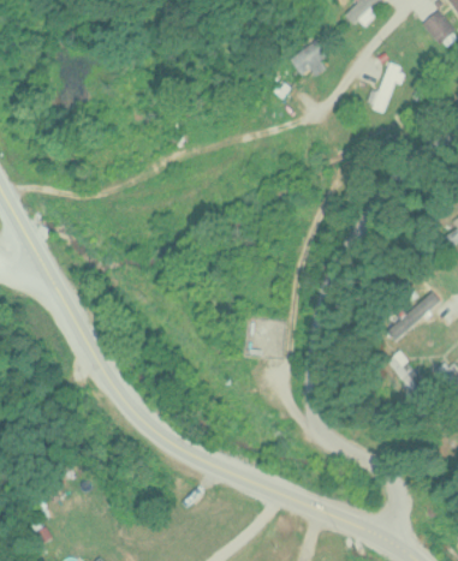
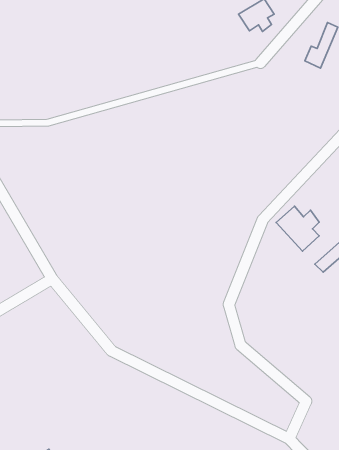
building: none -> [276,206,319,251]

